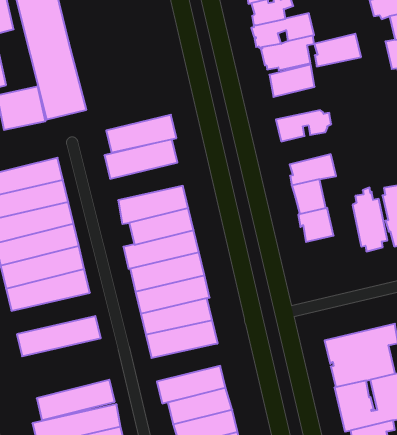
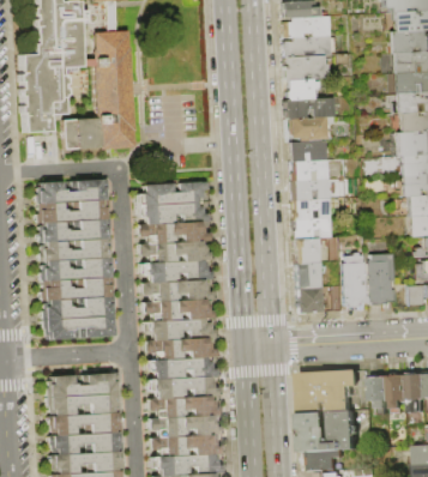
building: [314,34,361,66] -> [291,159,330,181]
building: [106,115,176,152] -> [146,203,204,225]
building: none -> [294,199,332,221]
building: none -> [299,288,324,313]
building: none -> [42,298,111,322]
building: none -> [152,360,209,382]

